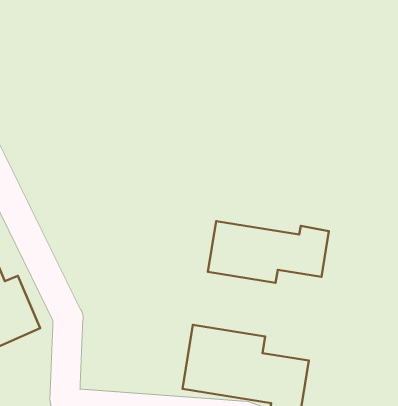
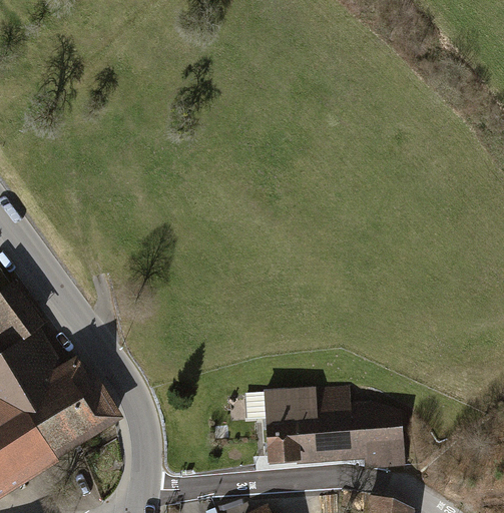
building: [208,221,329,283] -> none

